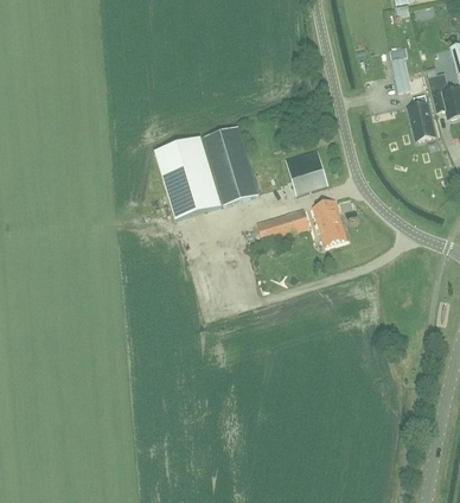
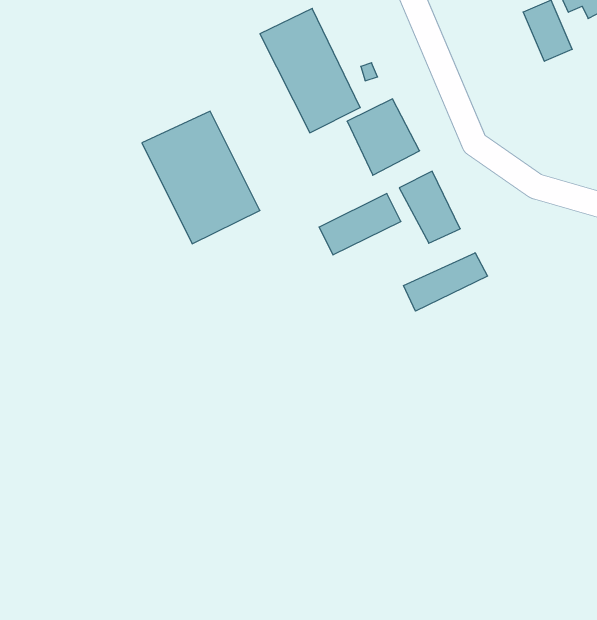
building: [203,125,258,203] -> [260,8,360,133]
building: none -> [404,253,488,311]

